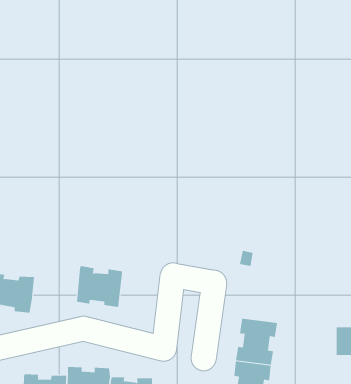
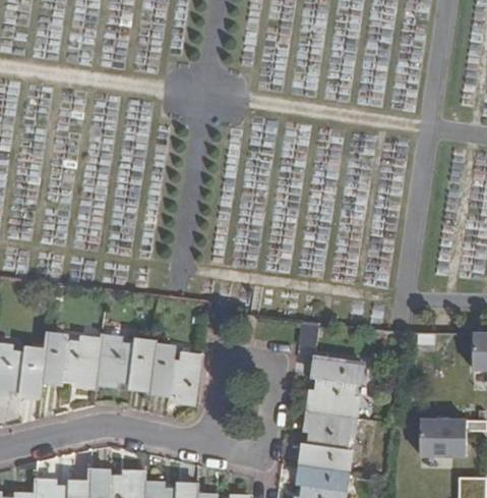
building: none -> [44,338,103,390]
building: none -> [151,349,204,404]
building: none -> [307,358,359,412]

